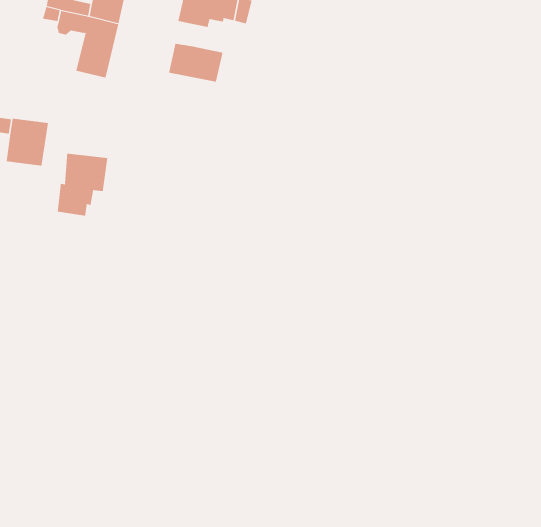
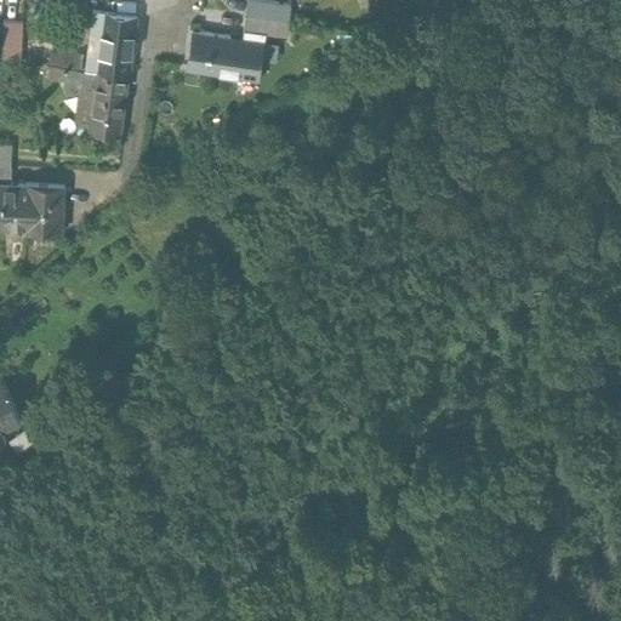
building: [168,43,223,83] -> none
building: [57,153,108,216] -> none

